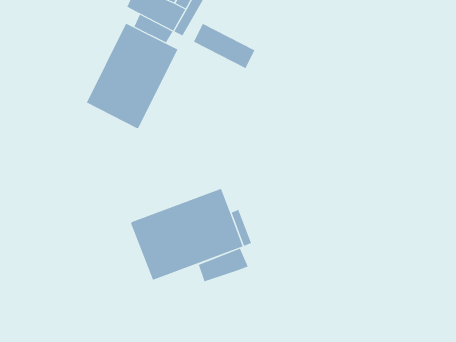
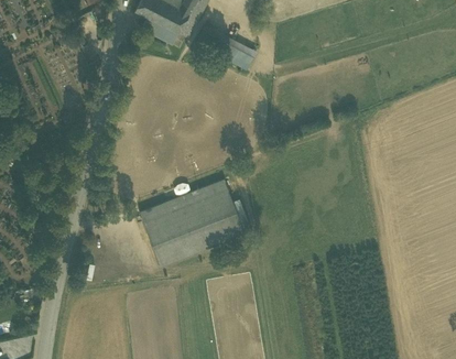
building: [86,23,178,129] -> none
building: [198,248,249,282] -> none

